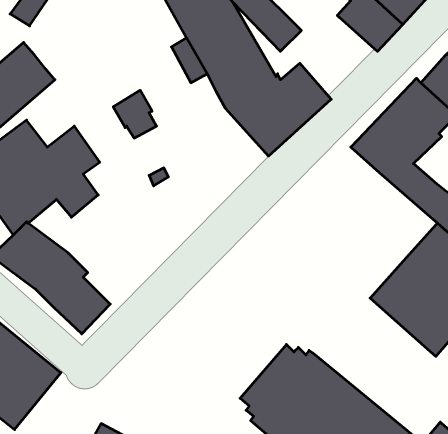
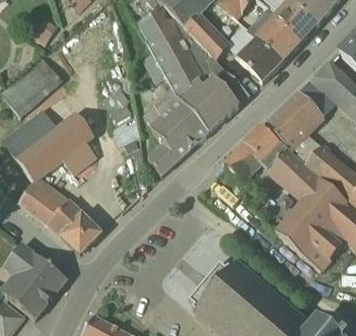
building: none -> [237,39,282,82]
building: none -> [143,89,208,176]
building: none -> [224,127,322,200]

